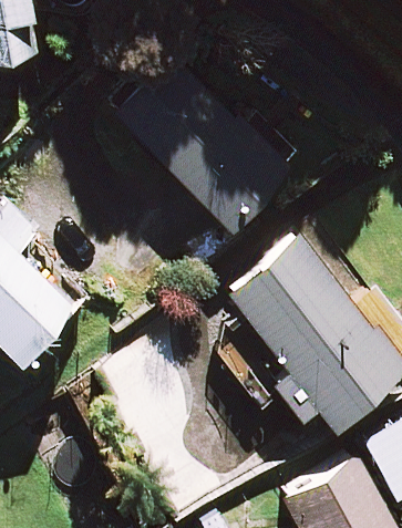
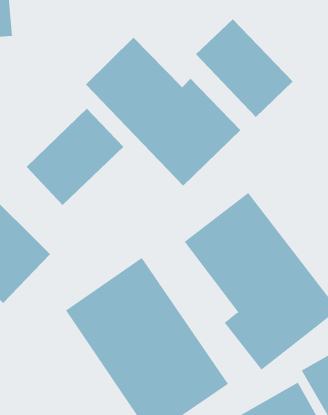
building: none -> [195,18,294,118]
building: none -> [26,108,124,206]

